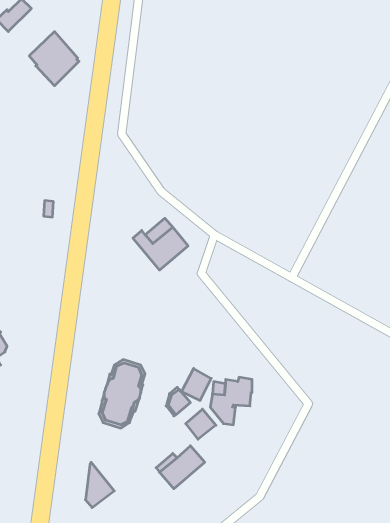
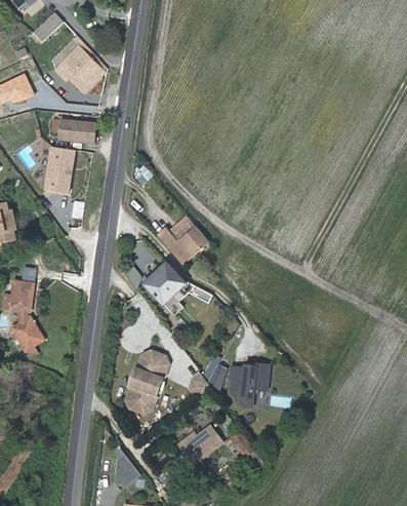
building: none -> [53,119,95,143]
building: none -> [46,147,75,193]
building: none -> [144,263,185,304]
building: [186,409,216,439] -> none

